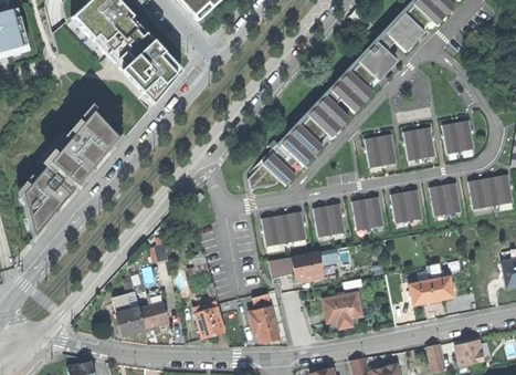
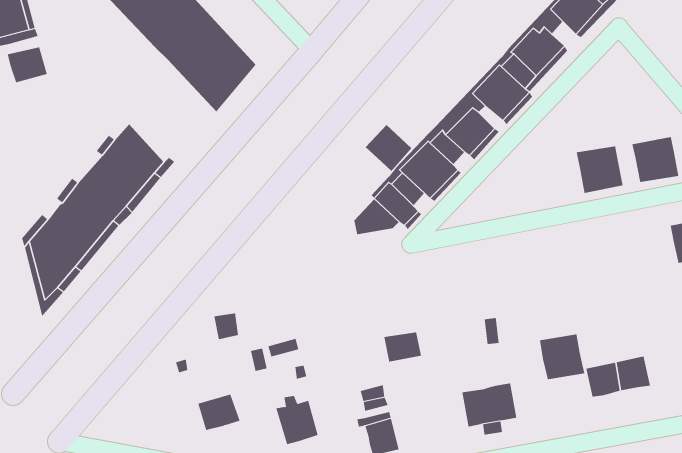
building: none -> [7,46,47,83]
building: none -> [365,124,412,172]
building: [365,134,397,166] -> none
building: [429,183,461,215] -> none
building: [390,189,422,221] -> none
building: [351,196,383,228] -> [539,334,585,380]
building: [313,202,345,236] -> none
building: [261,210,306,244] -> none
building: [292,250,323,278] -> none
building: [112,288,145,332] -> none

